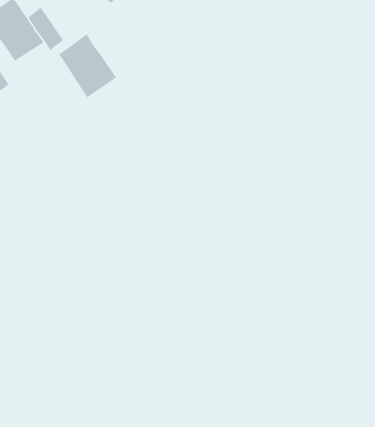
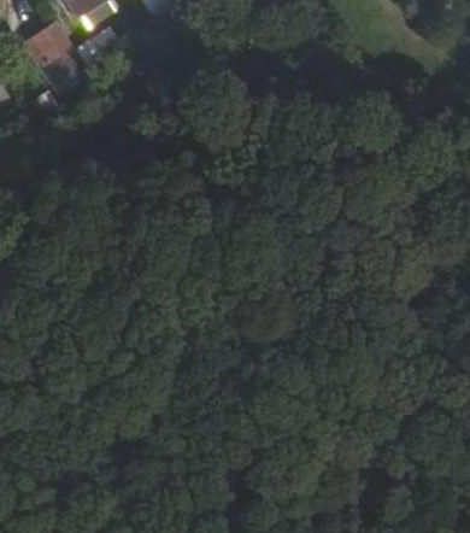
building: [58,34,117,98] -> none

